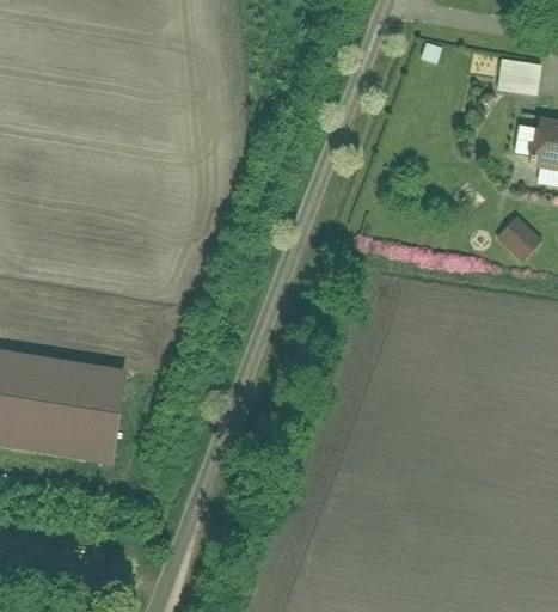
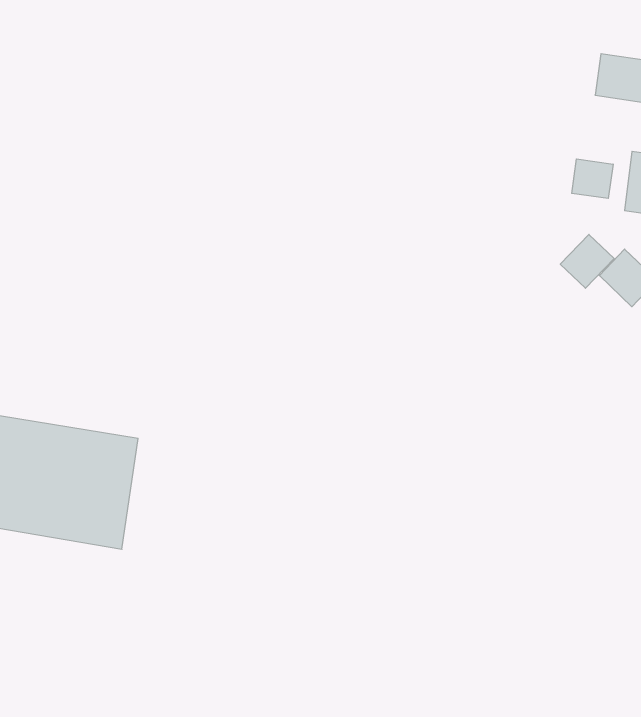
building: none -> [572,159,613,198]
building: none -> [560,234,614,288]

